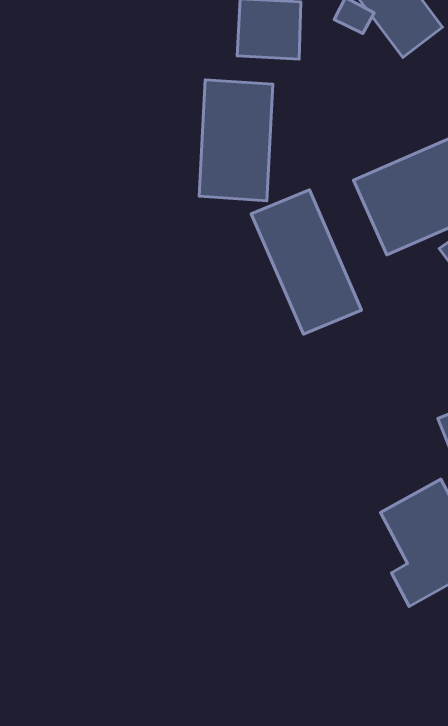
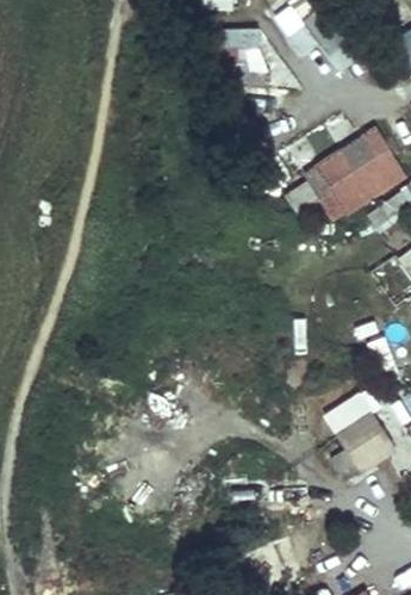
building: [199,80,273,201] -> none
building: [251,190,362,334] -> none

